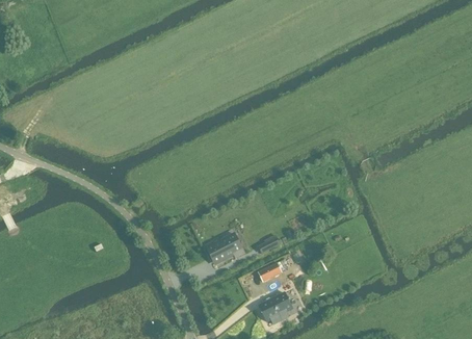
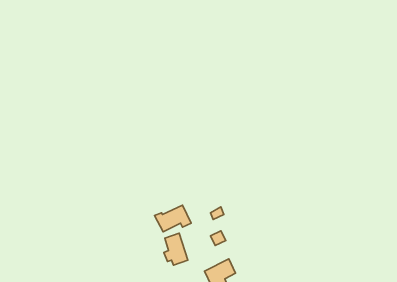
building: none -> [164,233,188,265]

